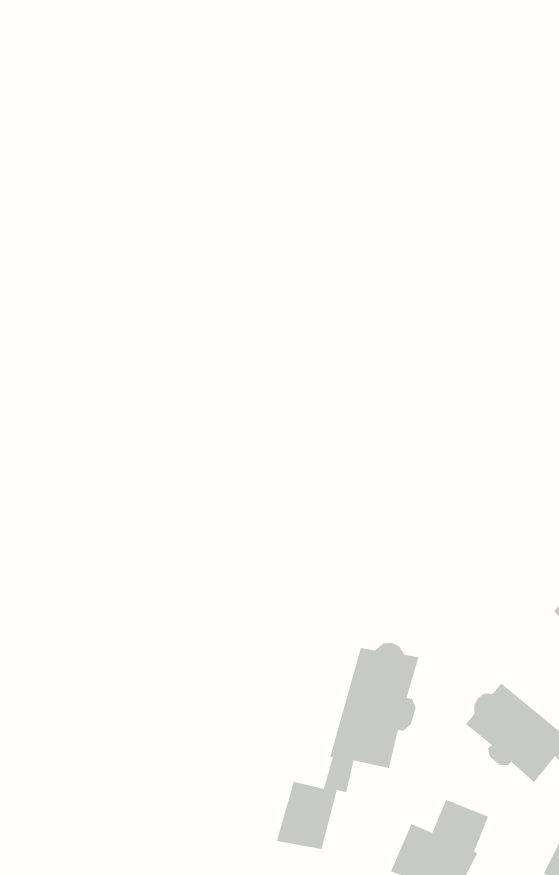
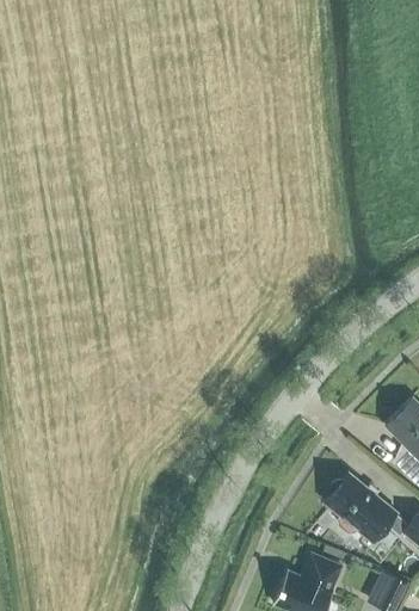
building: [276,642,420,850] -> none

